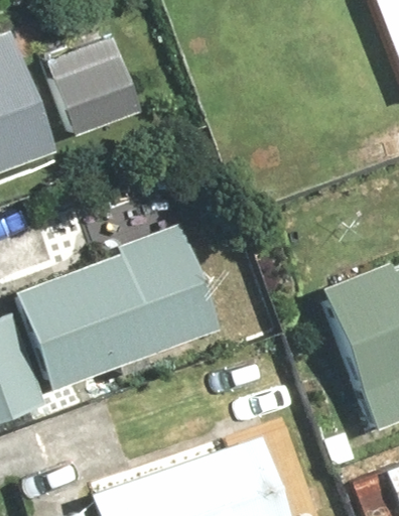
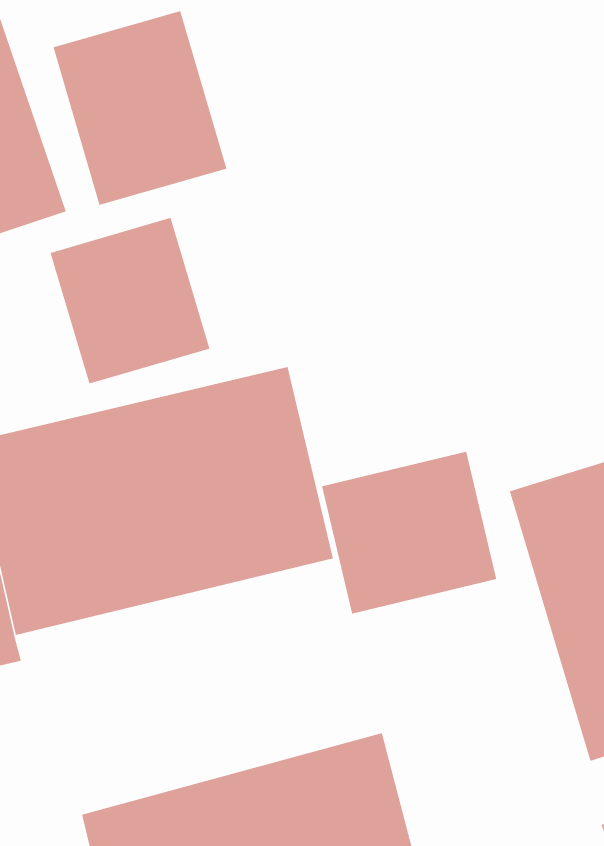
building: none -> [50,217,210,385]
building: none -> [321,451,497,614]

